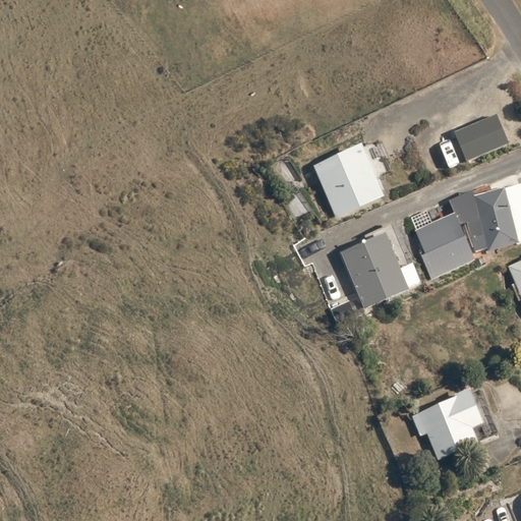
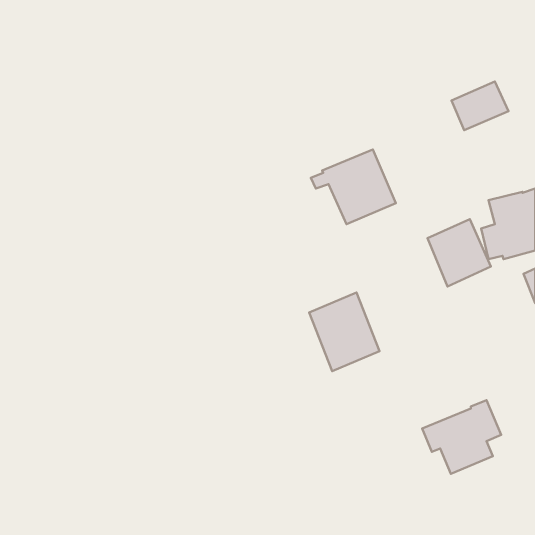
building: [453,114,508,161] -> [452,82,508,130]
building: [341,231,409,307] -> [309,292,380,371]

